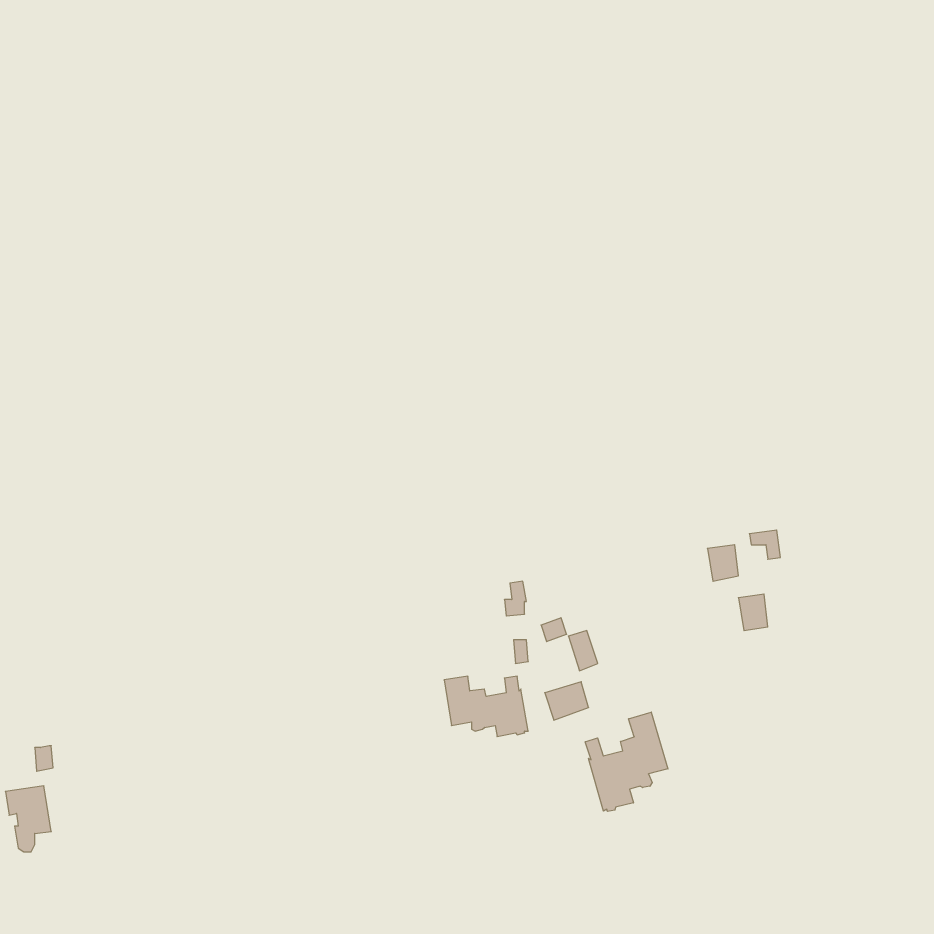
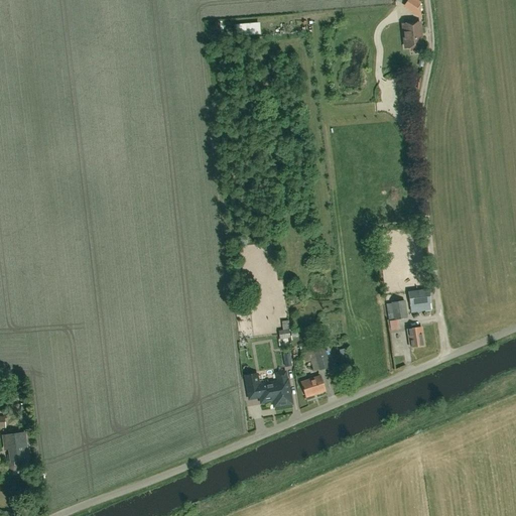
building: none -> [401,23,421,48]
building: [585,712,668,811] -> none

